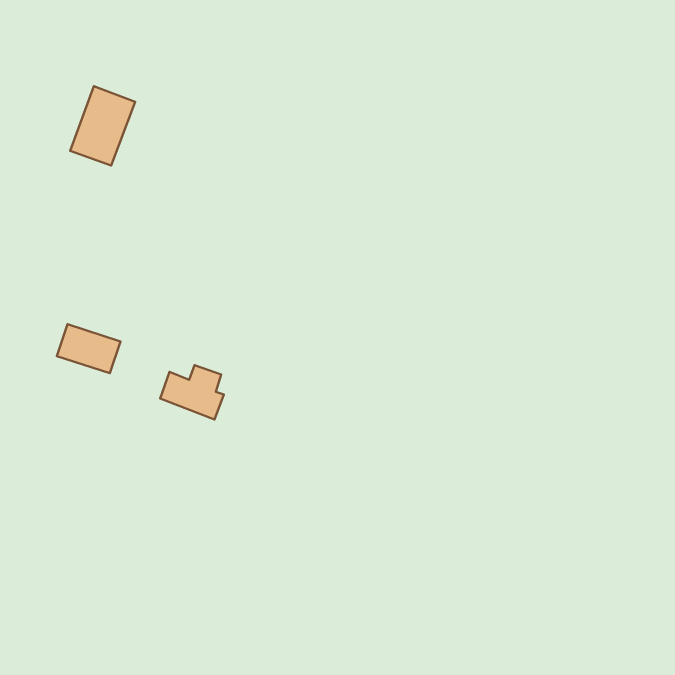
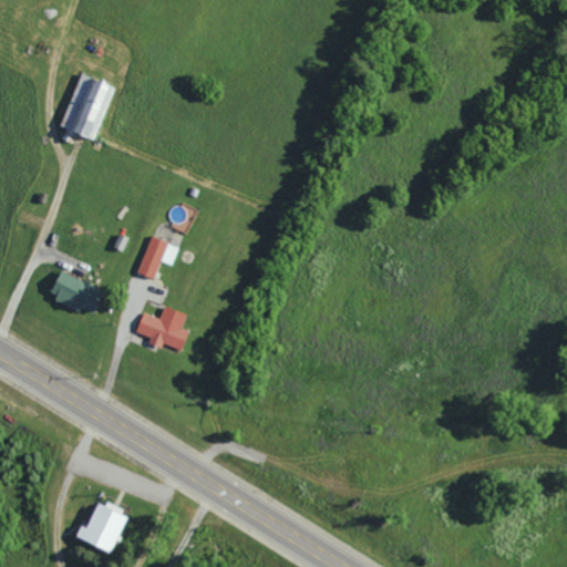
building: none -> [138,237,179,279]
building: none -> [74,501,127,553]

